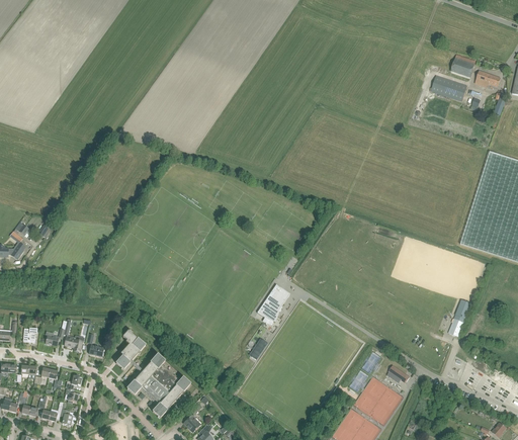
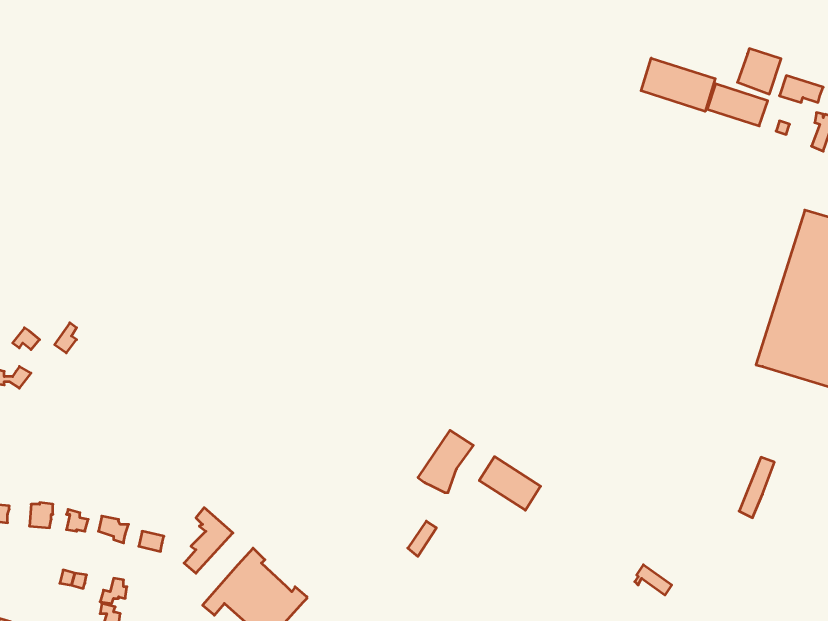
building: none -> [641,58,715,111]
building: none -> [479,457,541,510]

